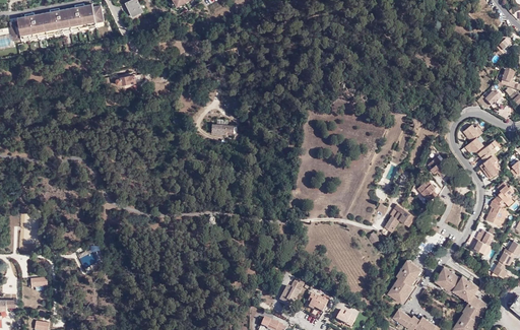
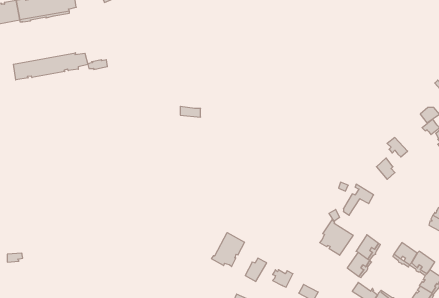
building: none -> [13,53,88,80]
building: none -> [320,220,353,255]
building: none -> [212,233,244,267]

